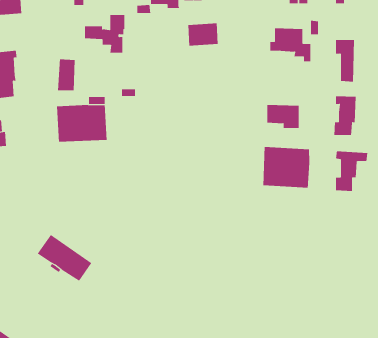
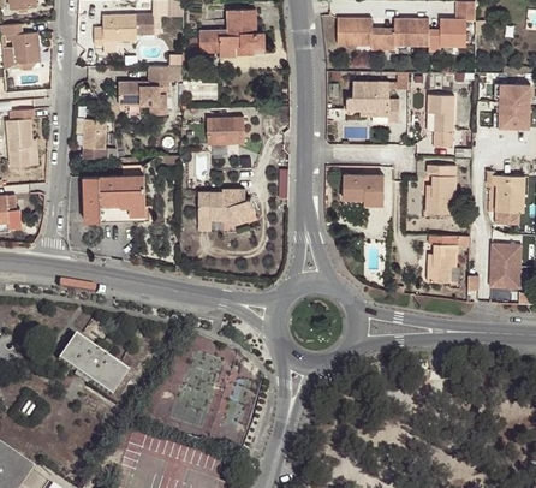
building: [187,23,218,46] -> [206,117,244,145]
building: none -> [197,189,255,230]
building: [263,146,310,189] -> none

